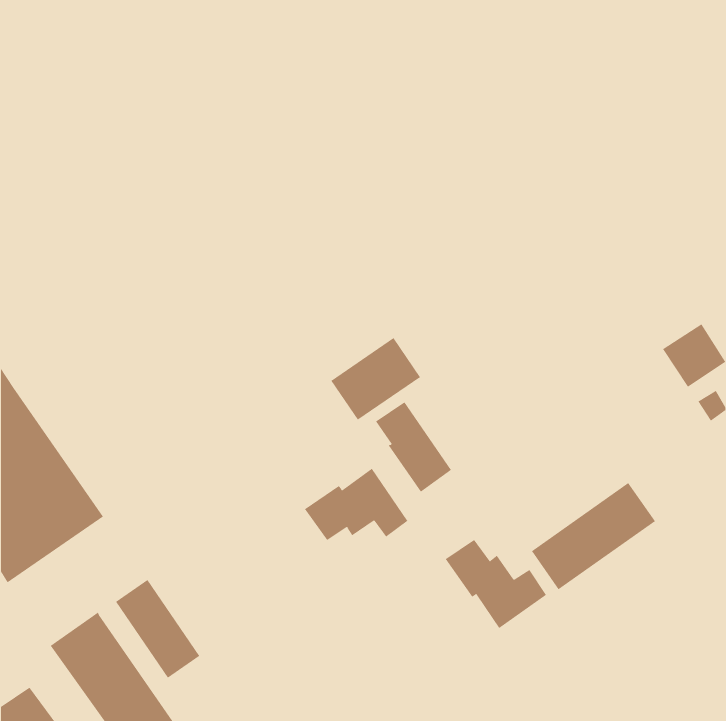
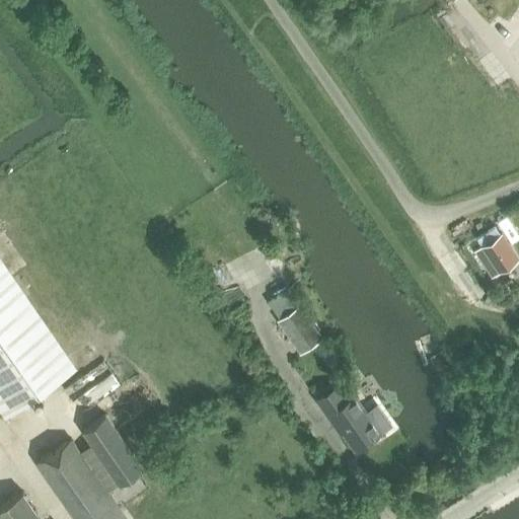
building: [331,337,421,421] -> none
building: [304,468,408,541] -> none
building: [531,482,656,590] -> none

